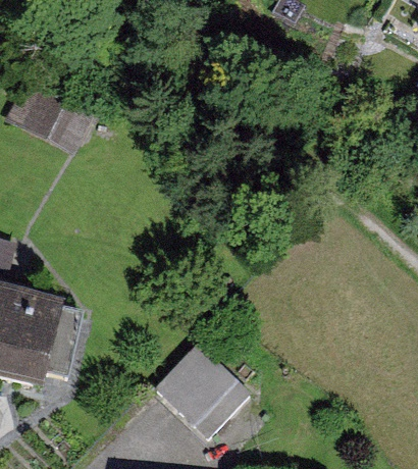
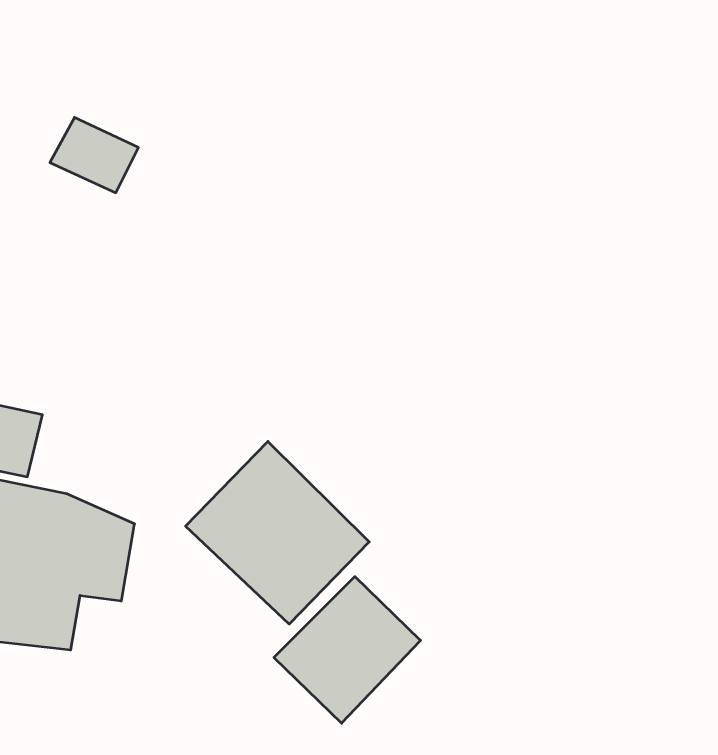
building: none -> [186,441,369,624]

